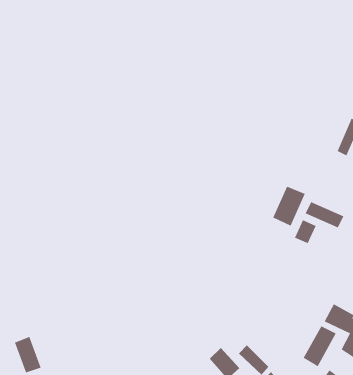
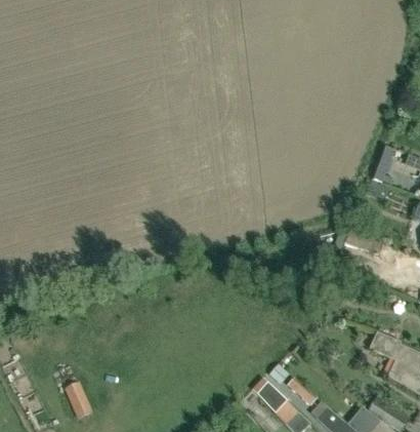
building: [272,186,305,227] -> none
building: [303,325,336,367] -> none

